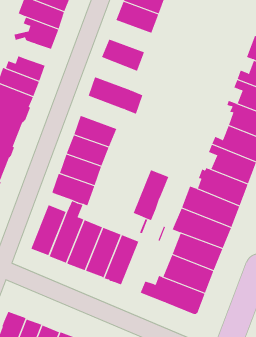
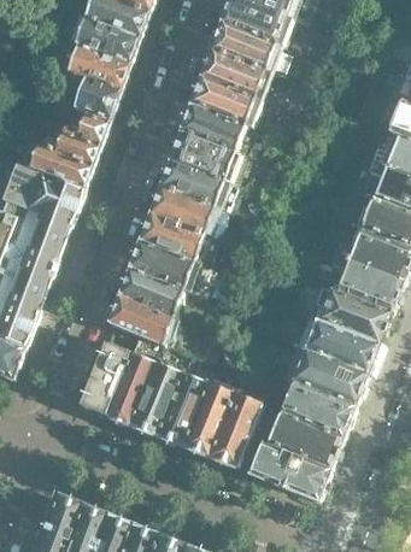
building: none -> [192,76,307,143]
building: none -> [71,110,110,141]
building: none -> [171,129,233,176]
building: none -> [151,184,213,231]
building: [133,169,169,221] -> [210,393,262,466]

